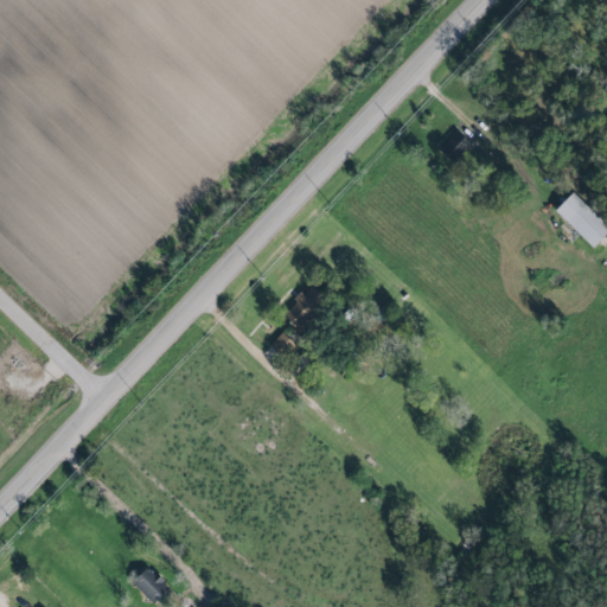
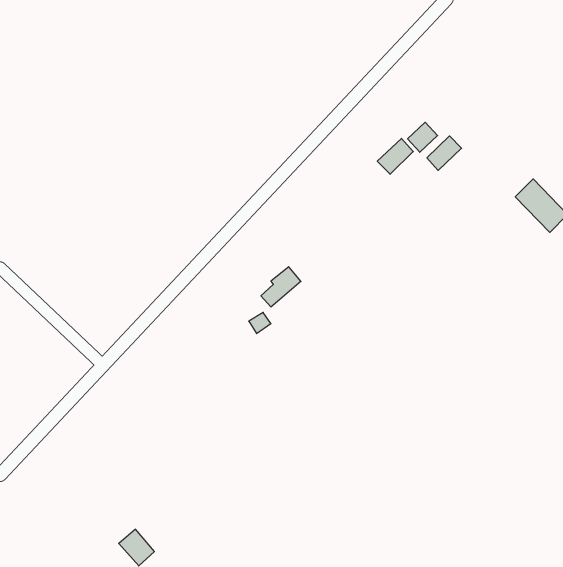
building: none -> [427,136,462,170]
building: none -> [377,138,413,174]

